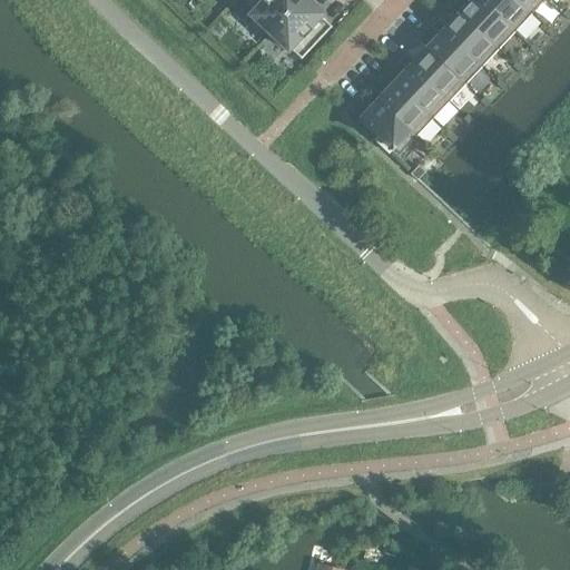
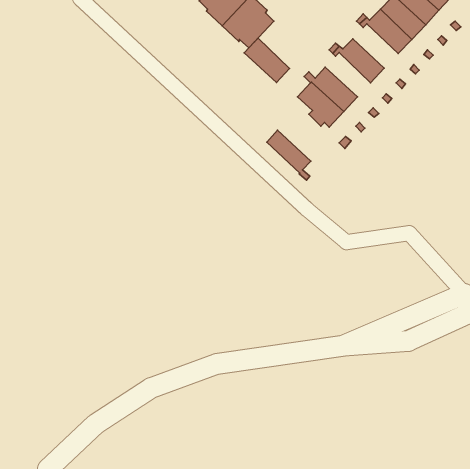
building: [426,29,481,82] -> none
building: [393,63,448,117] -> [244,38,289,82]
building: none -> [267,130,311,180]

